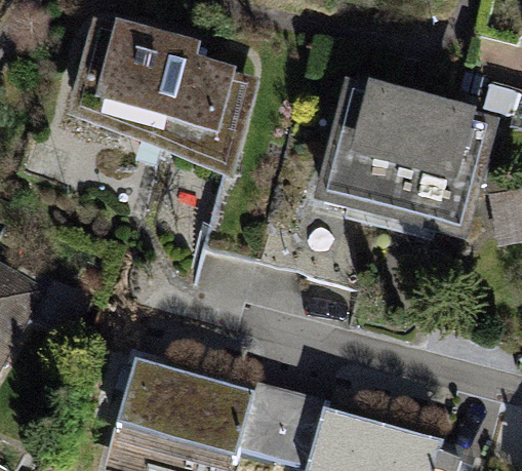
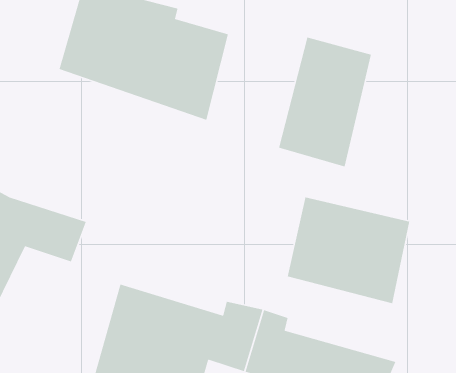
building: [389,99,496,241] -> none
building: none -> [287,197,410,304]

